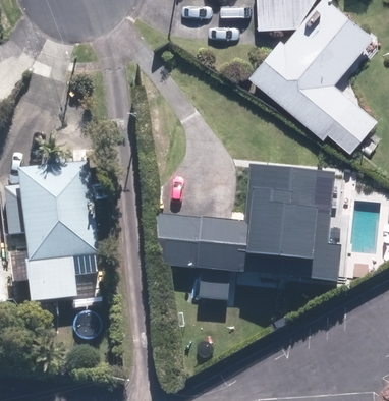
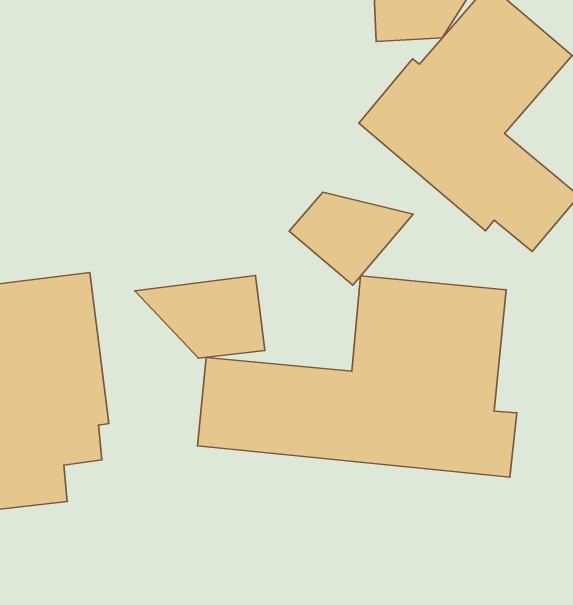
building: none -> [289,192,413,285]
building: none -> [135,276,265,358]

